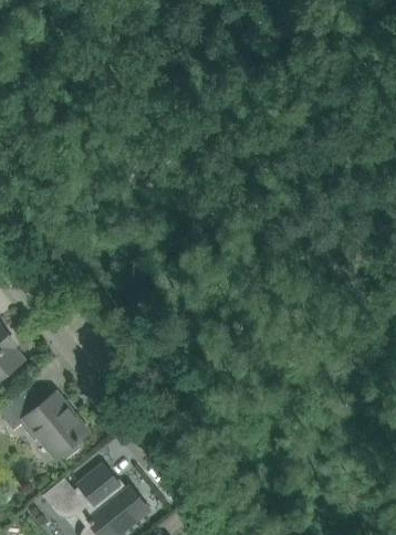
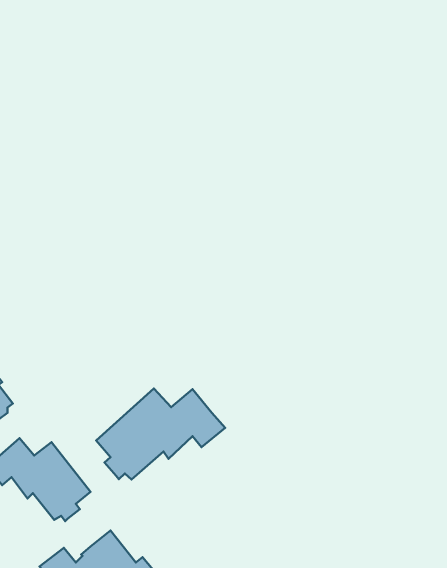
building: none -> [96,389,225,479]

